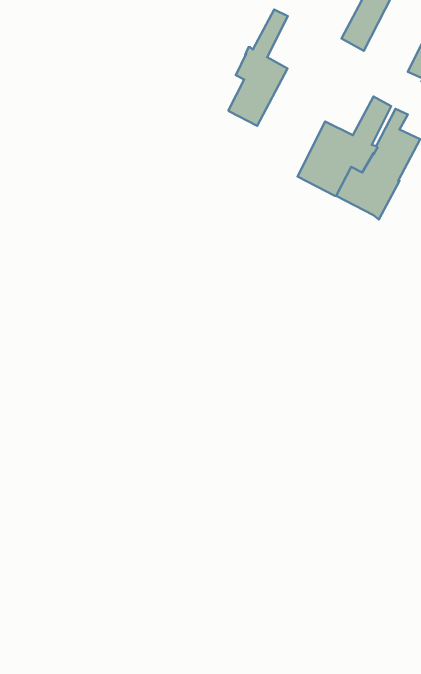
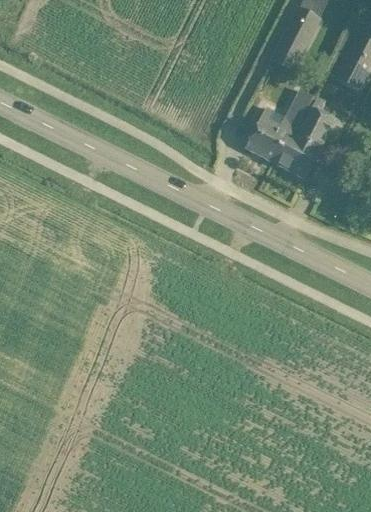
building: [228,9,288,126] -> none

